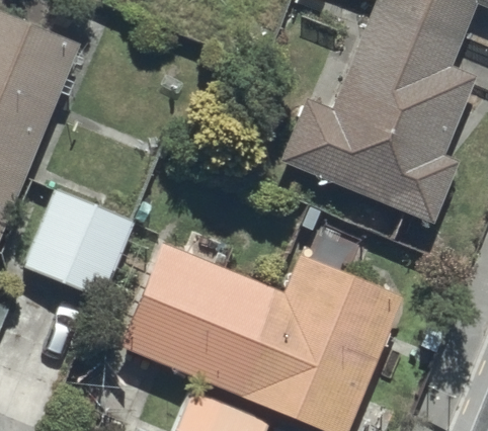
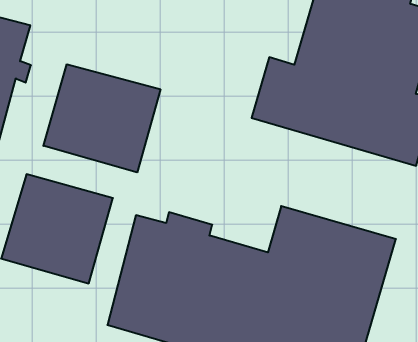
building: none -> [43,64,160,172]

